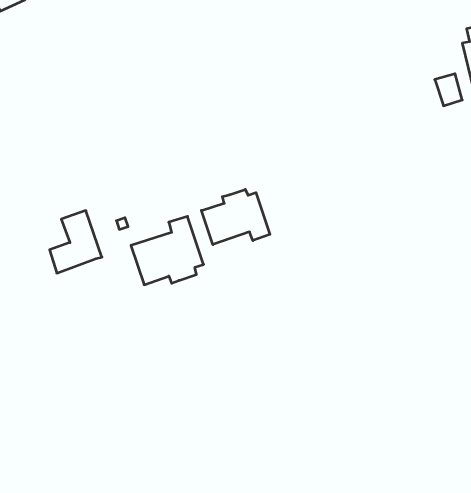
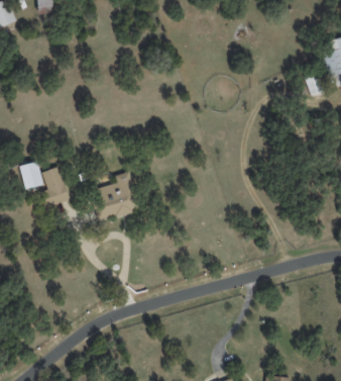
building: [201,189,270,245] -> none
building: none -> [19,161,42,188]

